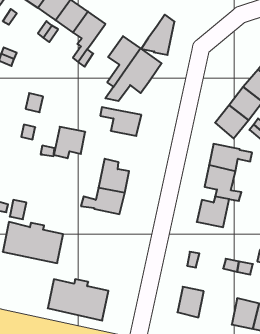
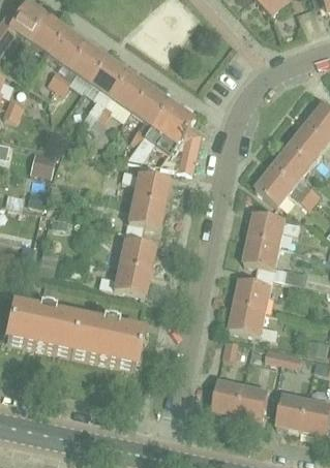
building: [141,15,175,55] -> [160,124,200,171]
building: none -> [110,70,148,110]
building: [54,127,85,158] -> [126,196,163,233]
building: none -> [230,304,277,338]
building: [48,279,108,321] -> [70,318,142,367]
building: none -> [237,385,269,422]

